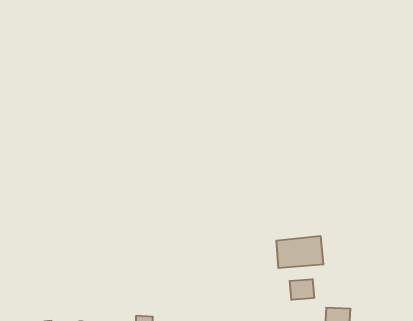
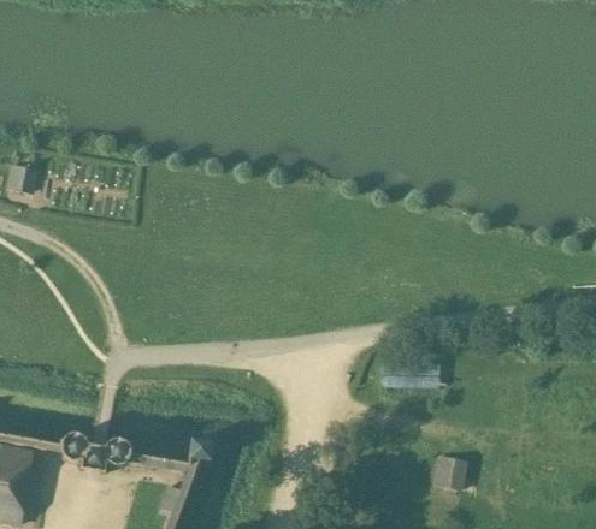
building: [290,279,314,300] -> none

